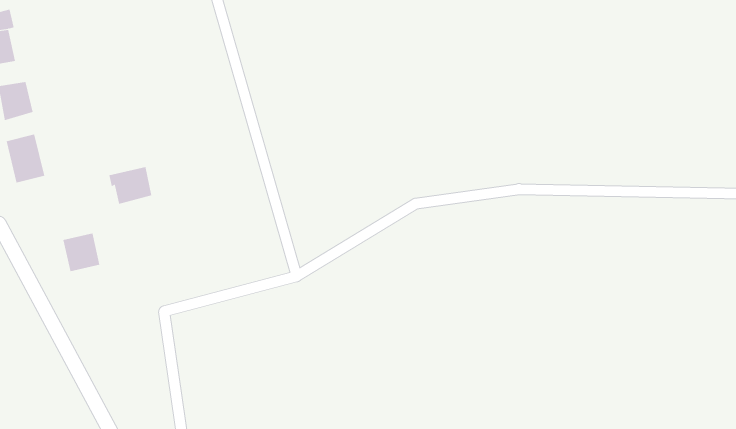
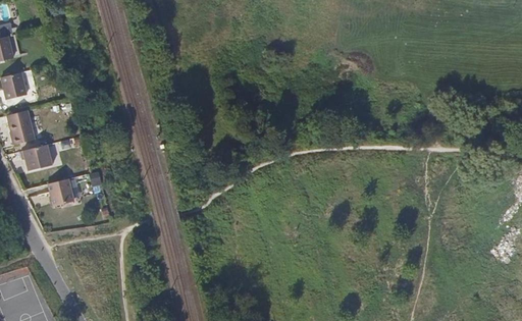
building: [108,167,152,204] -> [20,145,51,171]

